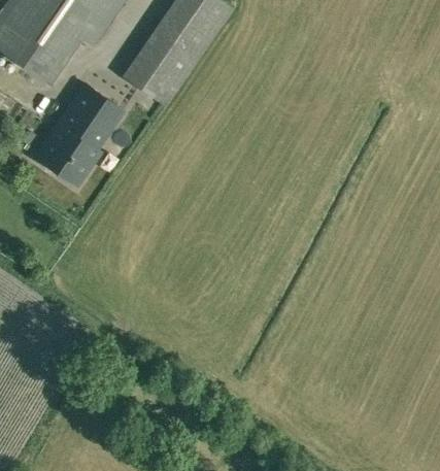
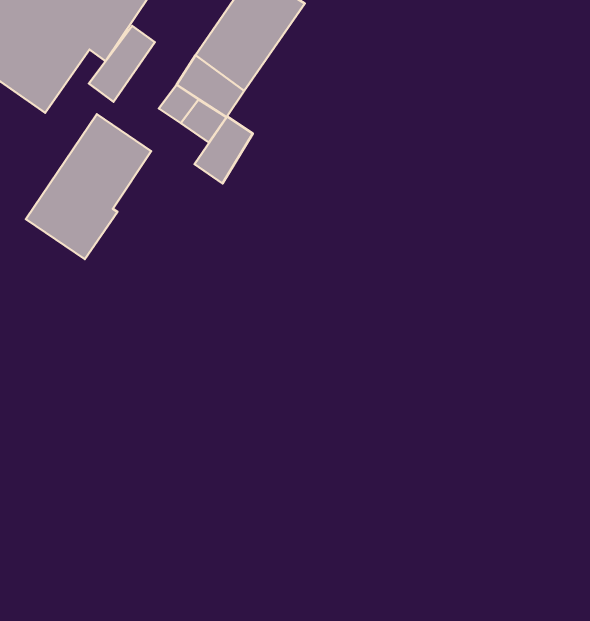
building: none -> [89,26,155,102]
building: none -> [194,116,253,183]

